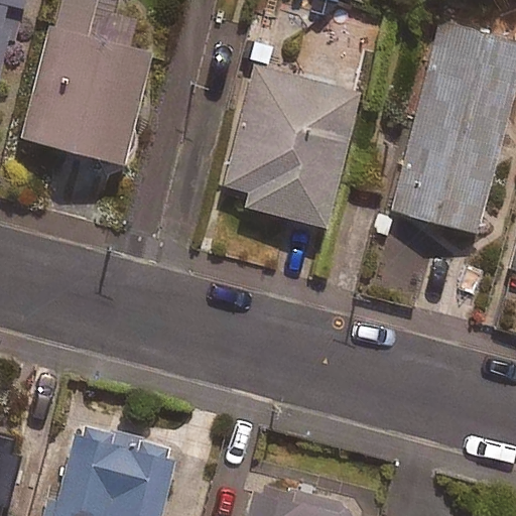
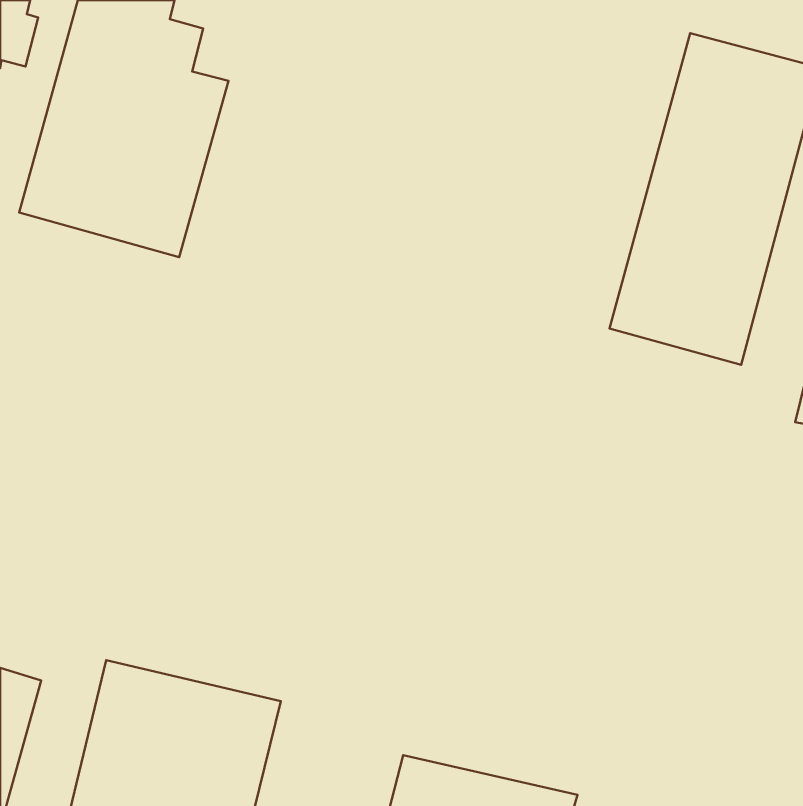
building: [225,68,358,229] -> none

